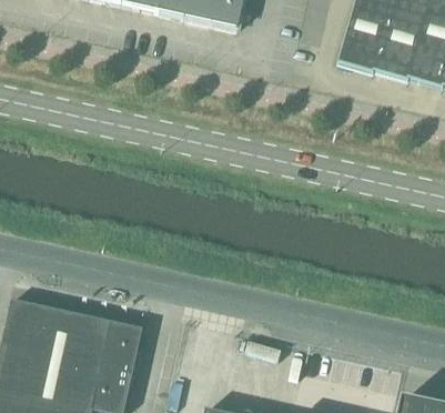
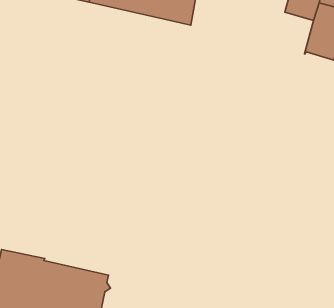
building: [340,17,385,67] -> none

